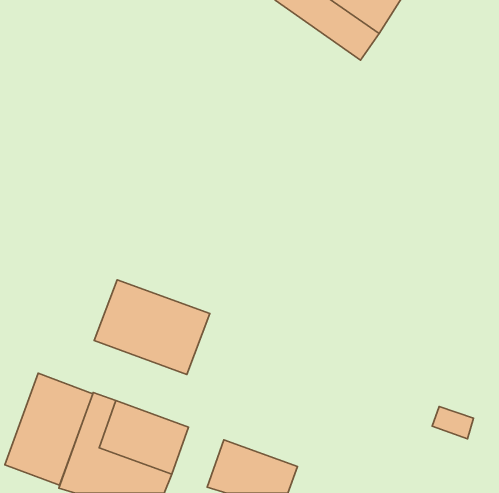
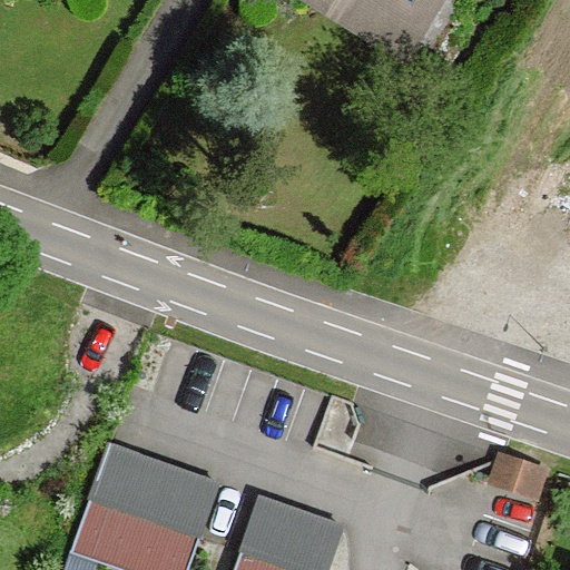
building: [94,280,210,374] -> none
building: [5,373,93,485] -> none

